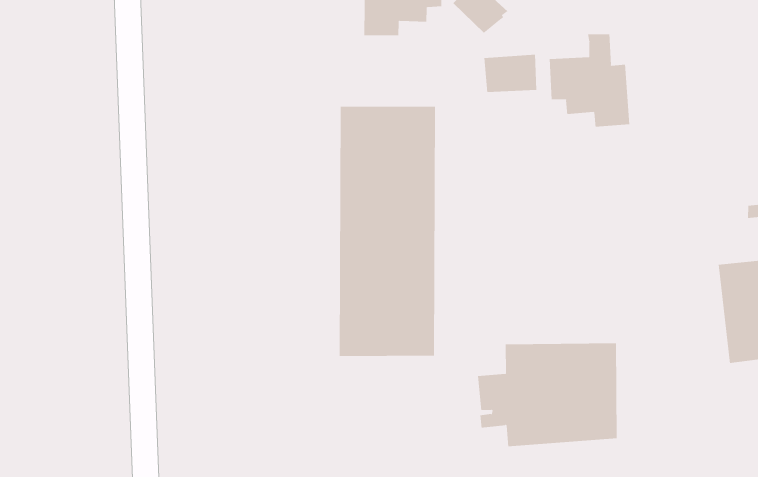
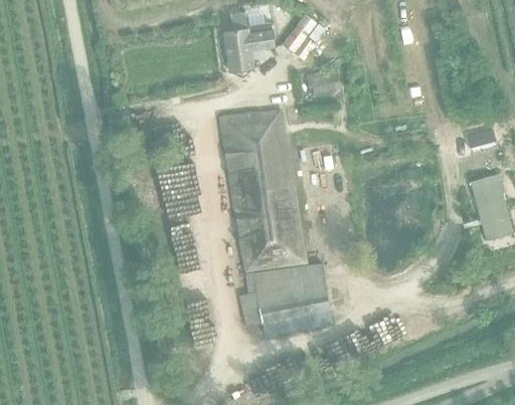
building: [549,33,630,127] -> none
building: [477,343,617,447] -> [239,261,332,336]

